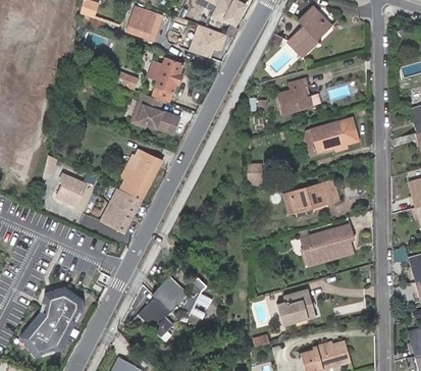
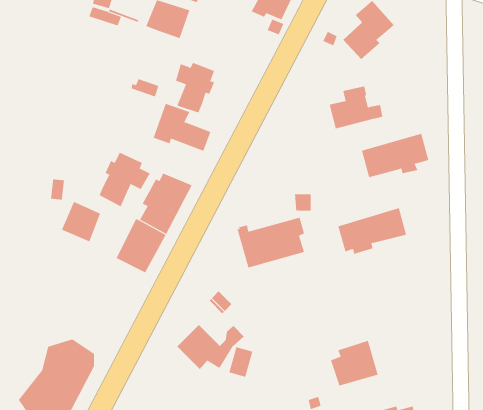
building: [189,25,226,57] -> none
building: none -> [99,152,151,207]
building: [298,219,354,266] -> [237,211,305,268]
building: [136,296,174,337] -> none

